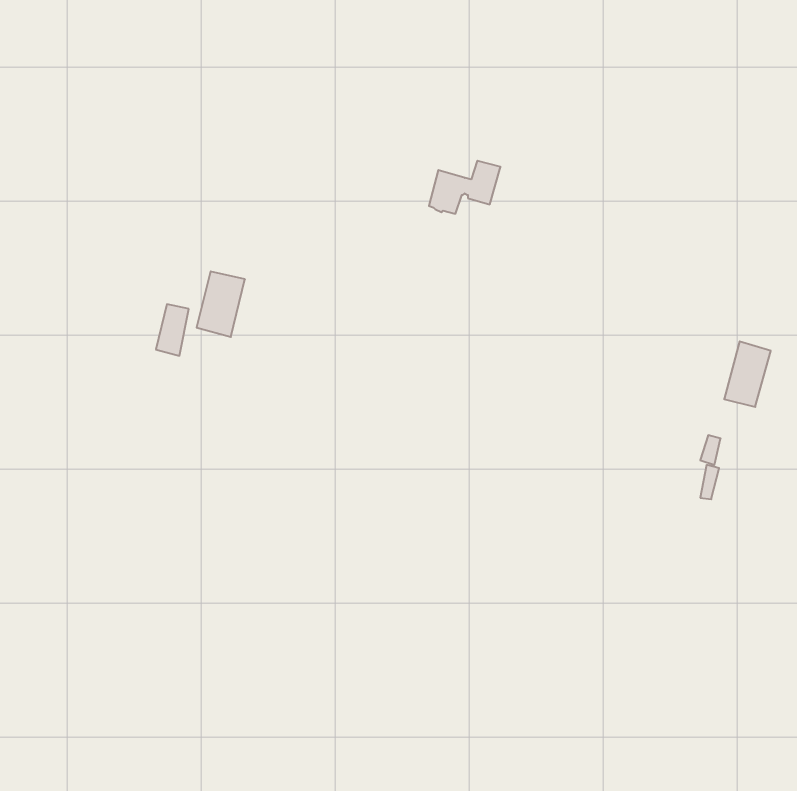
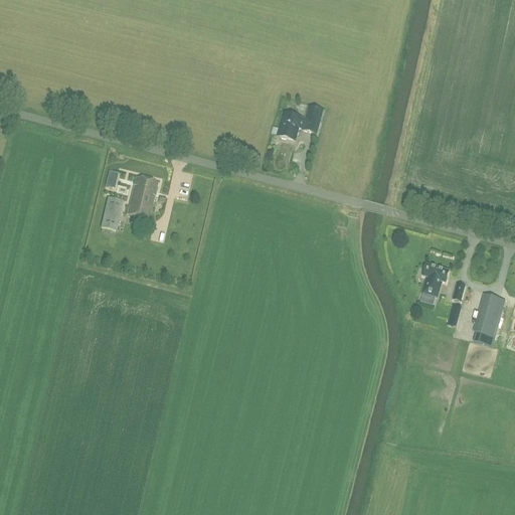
building: [724,341,771,407] -> [475,293,505,335]
building: none -> [421,262,449,295]

